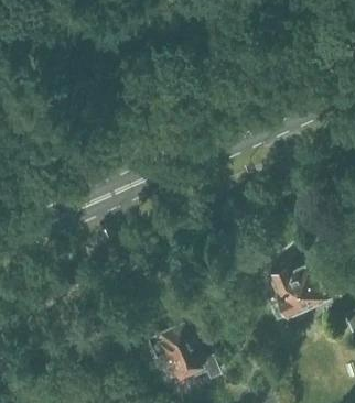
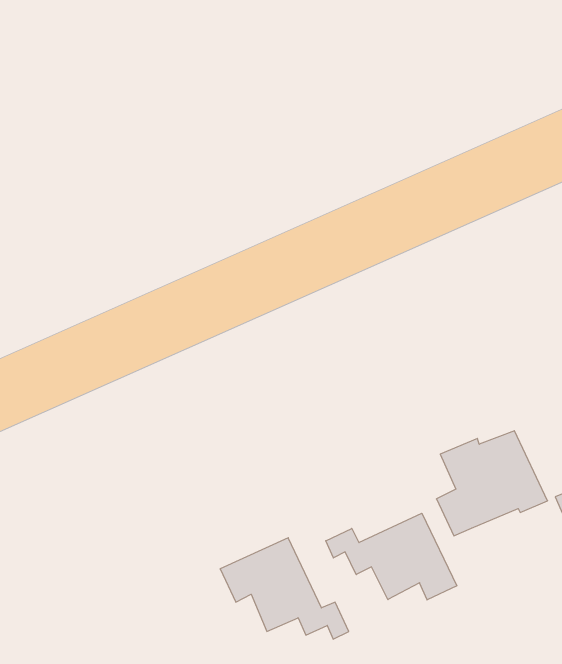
building: none -> [326,513,457,600]

